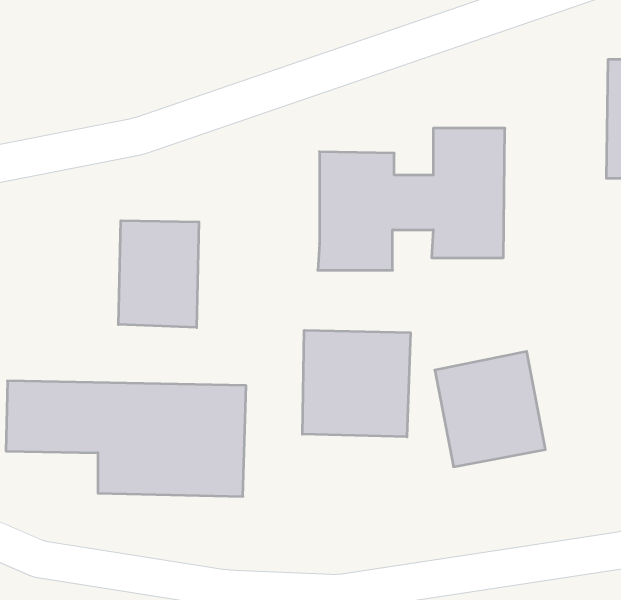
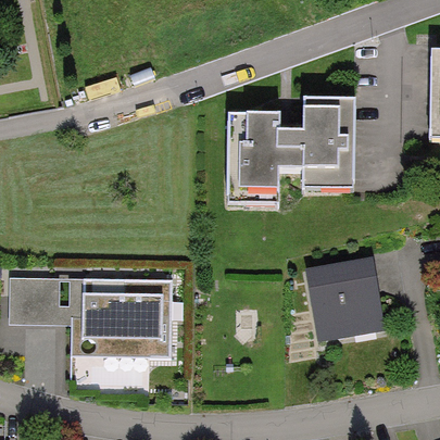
building: [118,221,199,328] -> none
building: [302,330,410,437] -> none

